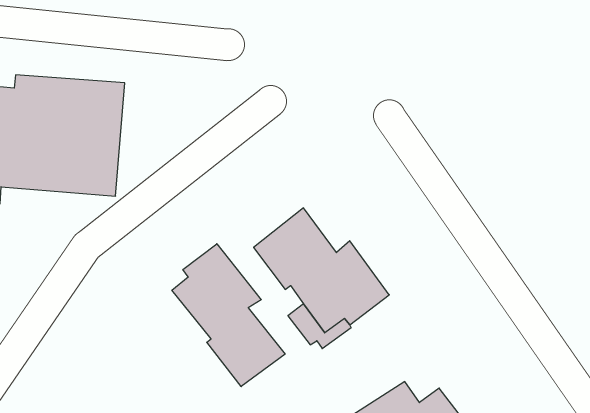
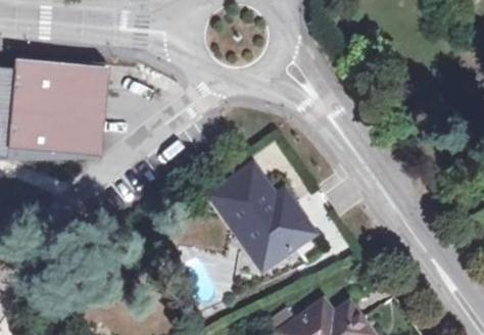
building: [172,244,285,387] -> none

